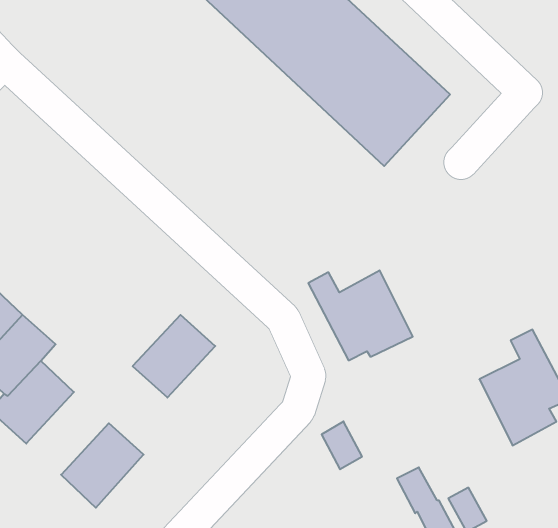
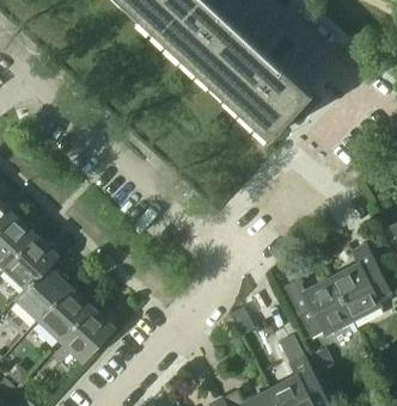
building: [308,270,413,360] -> [285,278,353,337]
building: [133,315,215,398] -> [36,287,90,340]

